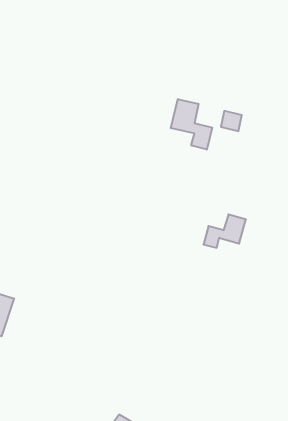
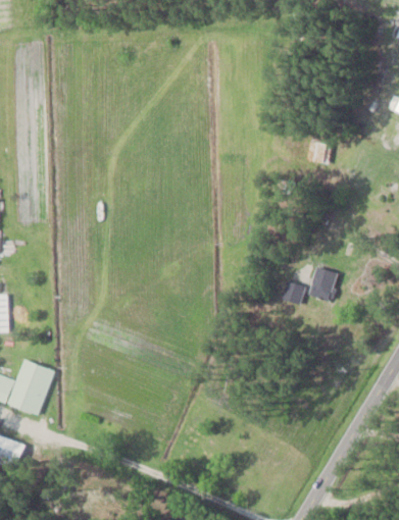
building: [171,99,212,150] -> none

